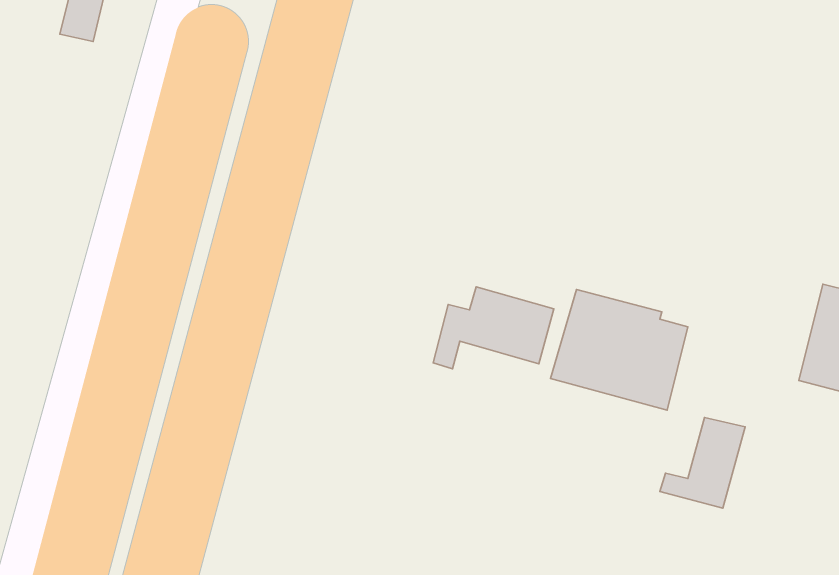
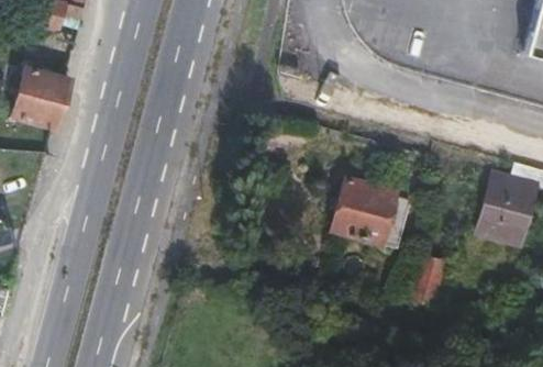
building: none -> [10,68,69,129]
building: [433,287,554,369] -> none

